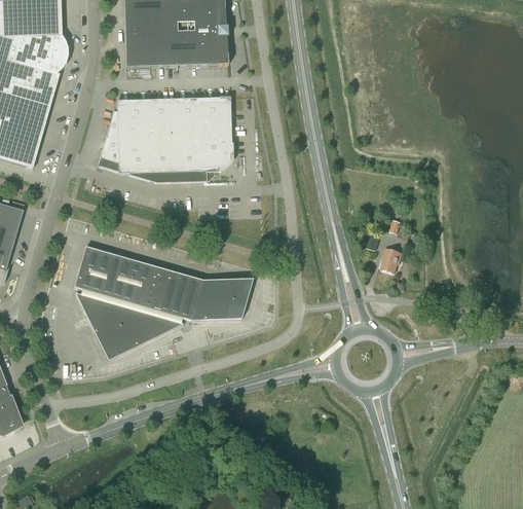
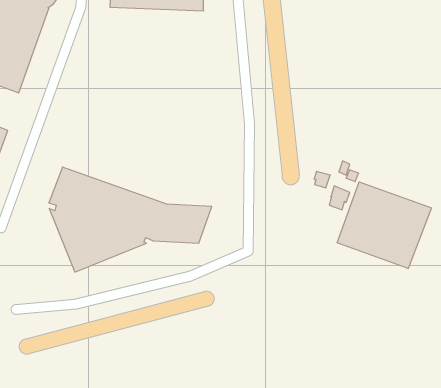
building: [97,96,232,180] -> none
building: none -> [337,182,432,269]

